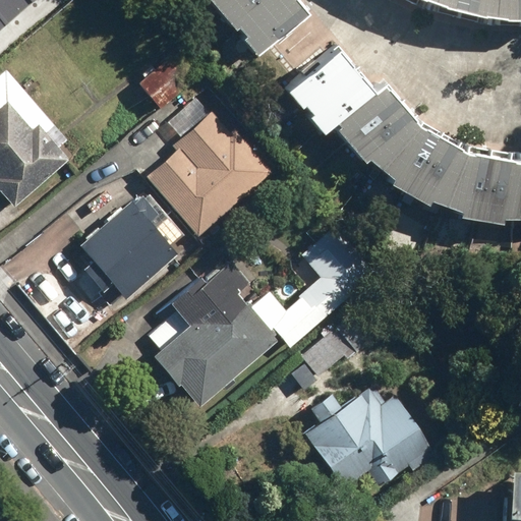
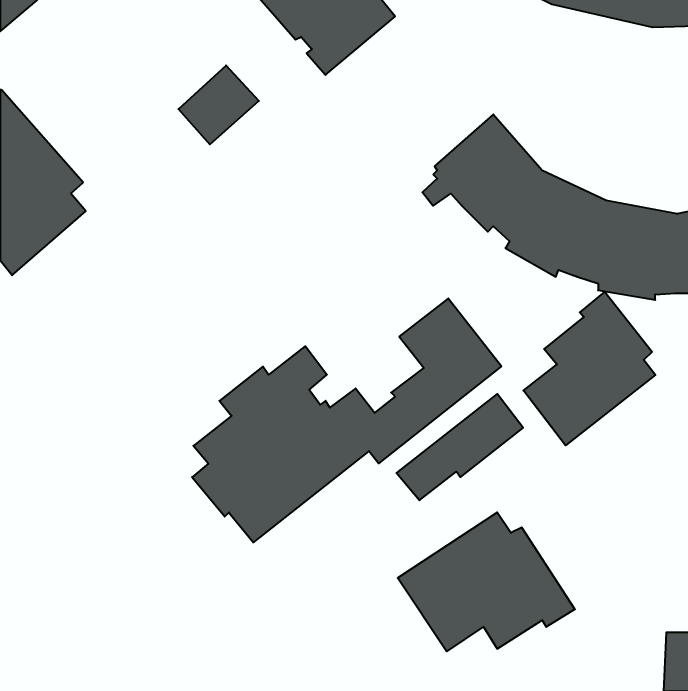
building: [280,48,366,133] -> none
building: [146,109,273,235] -> none
building: [78,189,185,298] -> none
building: none -> [523,292,655,445]

